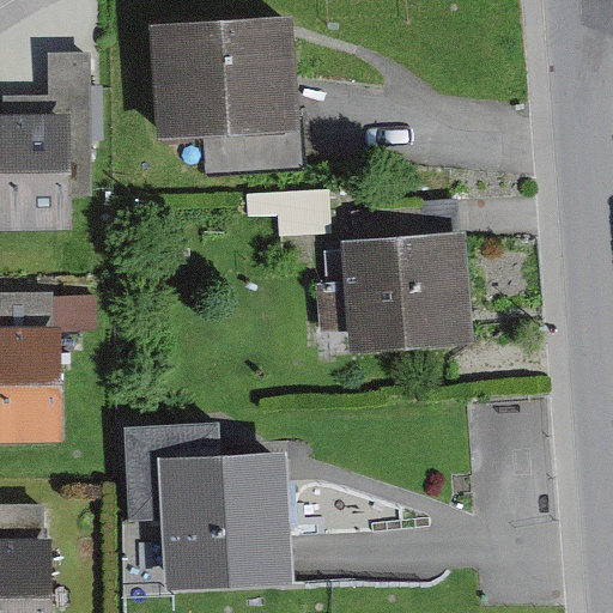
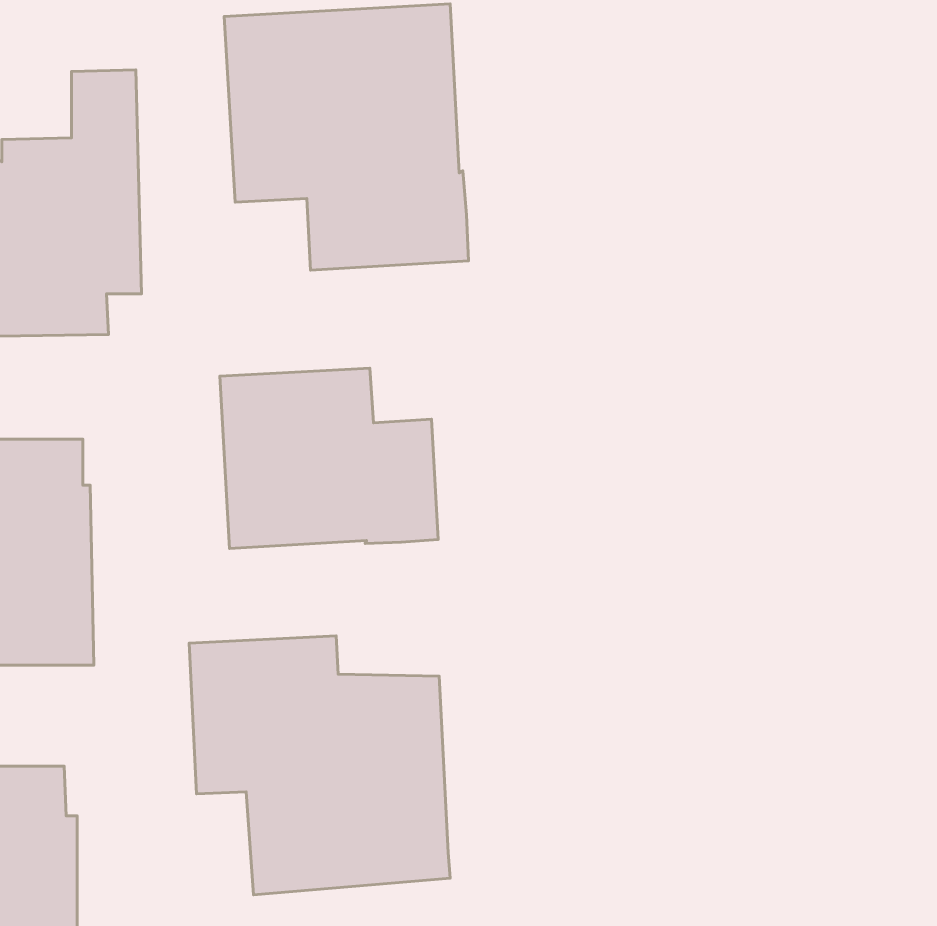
building: [314,231,474,352] -> none
building: none -> [220,368,438,549]

